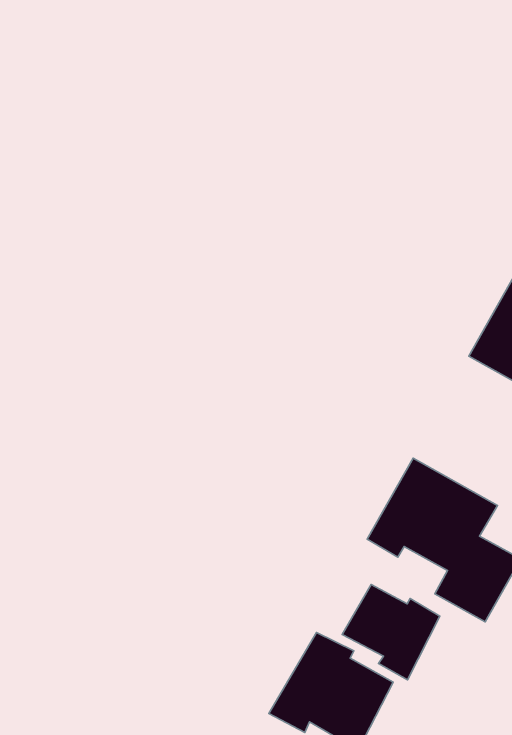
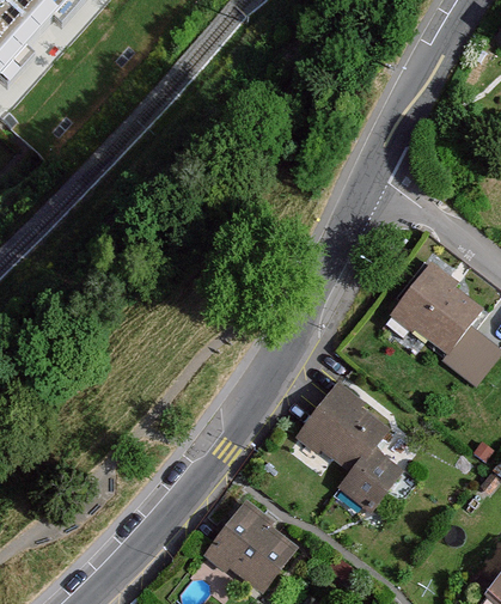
building: [342,585,440,680] -> none

